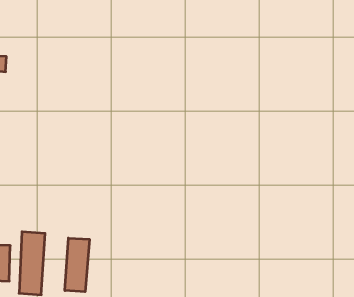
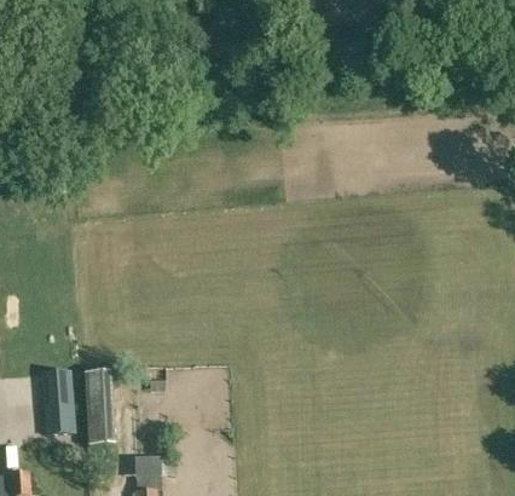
building: [65,238,89,292] -> none

